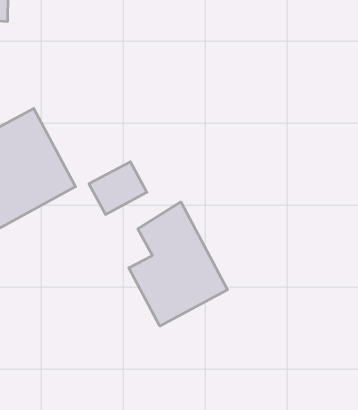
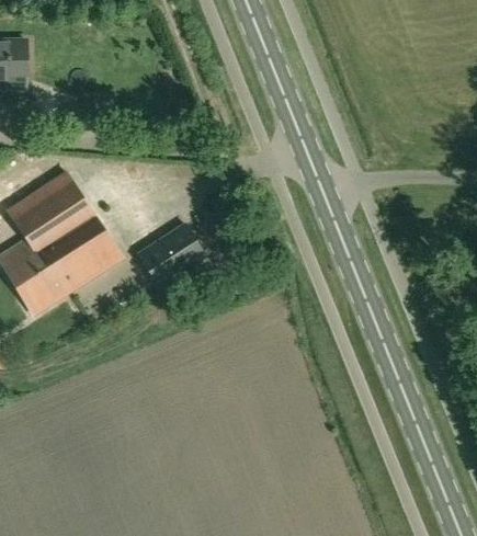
building: [129,202,228,326] -> none

